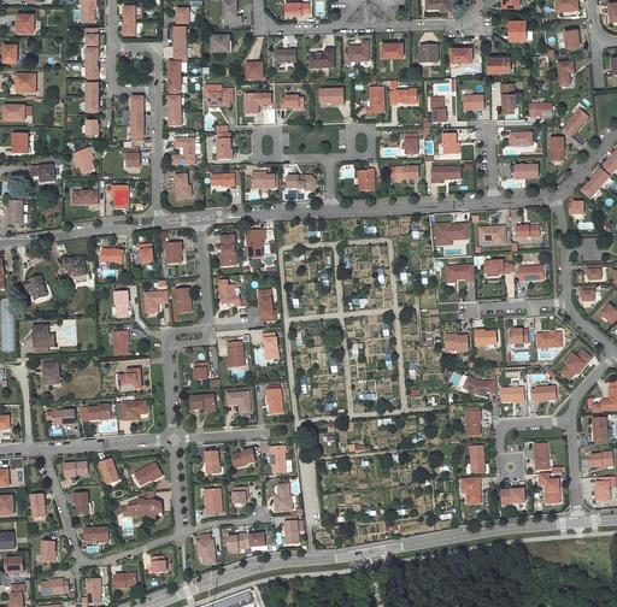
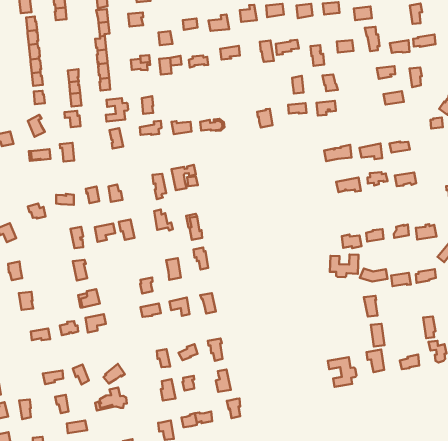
building: none -> [330,255,358,277]
building: none -> [328,357,356,387]

